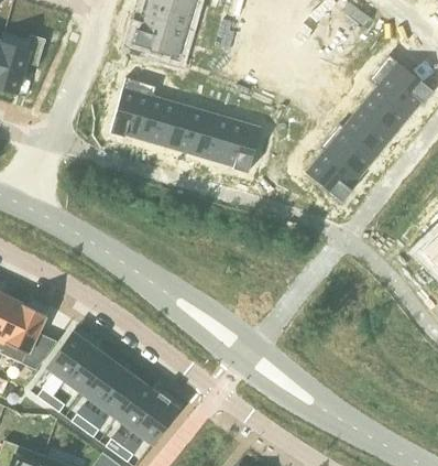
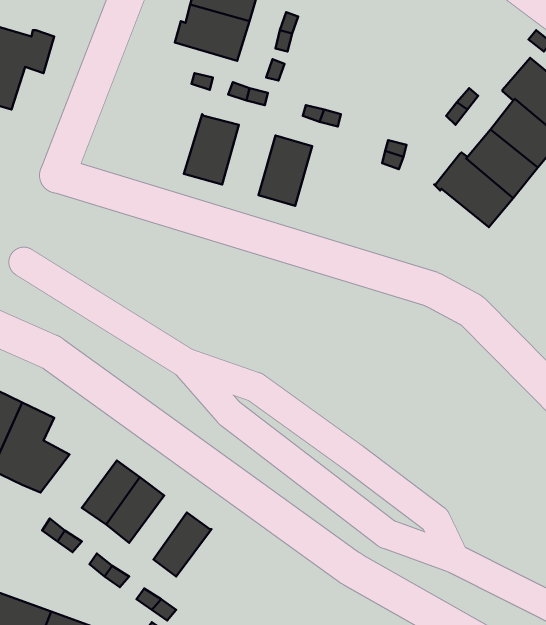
building: [110,77,156,139] -> none
building: [167,104,206,154] -> none
building: [220,119,262,173] -> none
building: [306,150,360,203] -> none
building: [48,333,91,380] -> none
building: [100,371,142,418] -> none
building: [134,393,177,443] -> none

